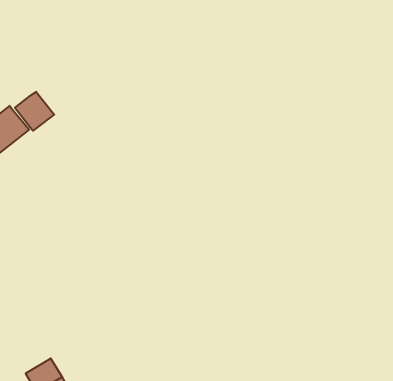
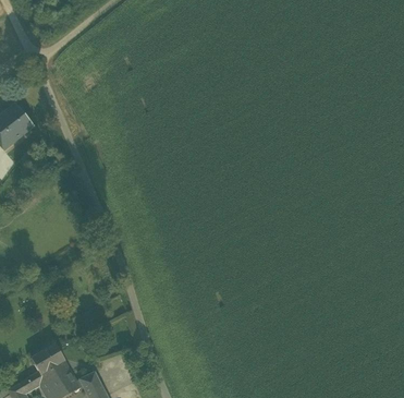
building: [15,92,54,131] -> none

